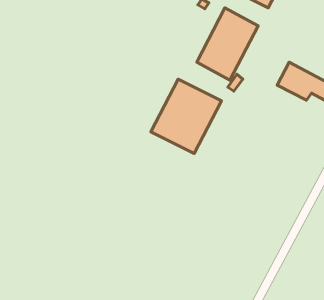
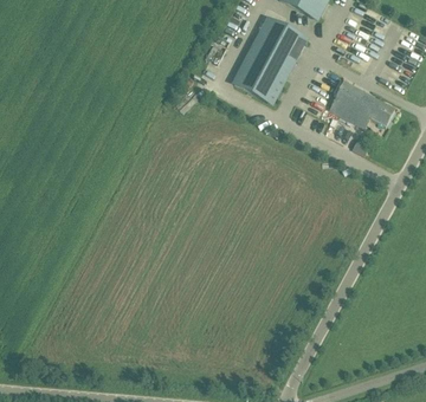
building: [151,79,222,153] -> none

